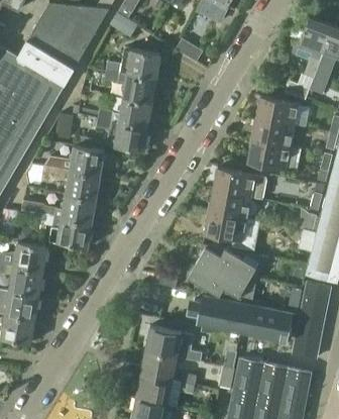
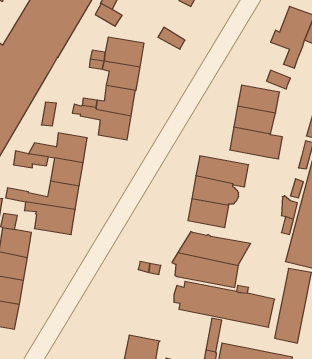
building: [146,326,203,362] -> none

